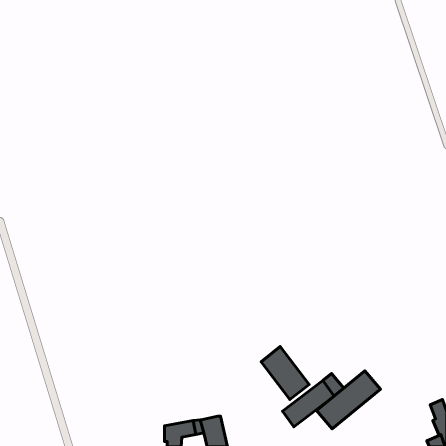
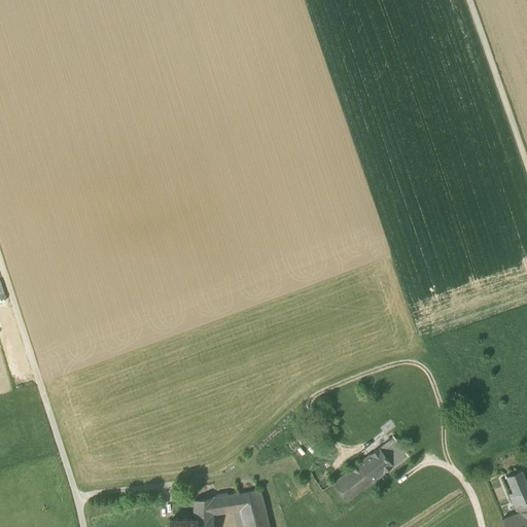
building: [261,346,309,400] -> none
building: [316,371,381,429] -> none

